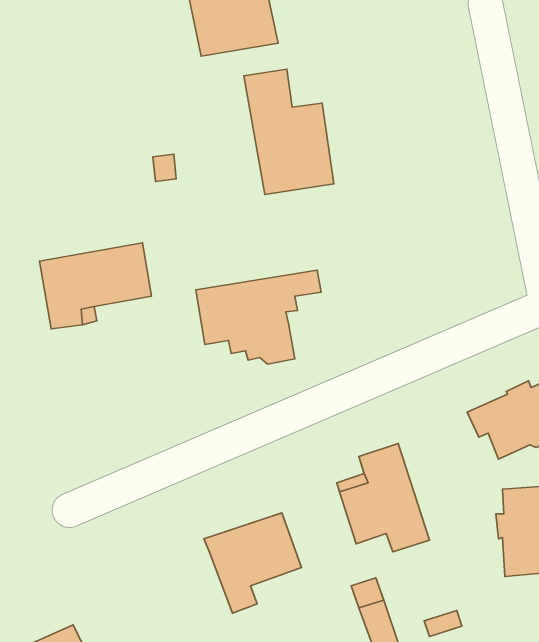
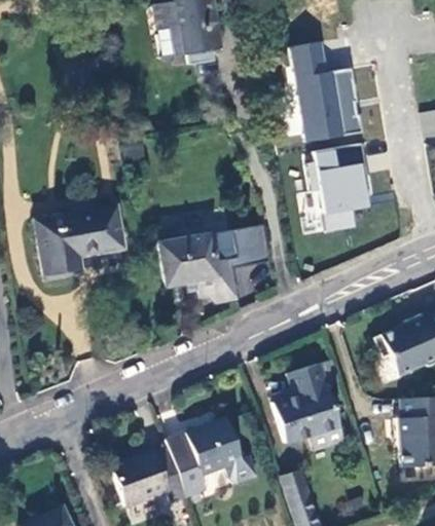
building: [244,69,334,194] -> [291,41,362,140]
building: none -> [297,144,371,235]
building: none -> [228,225,269,269]
building: none -> [109,448,186,506]

